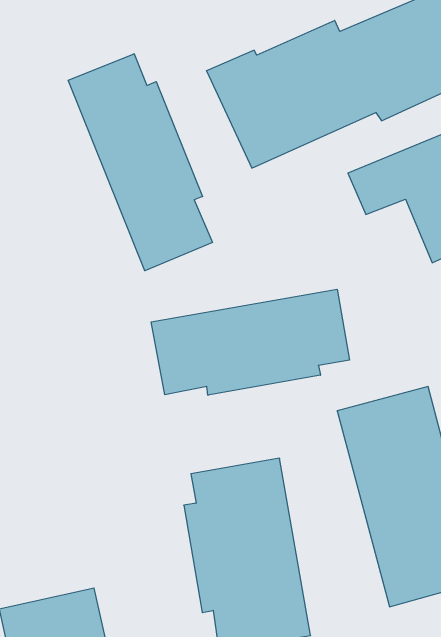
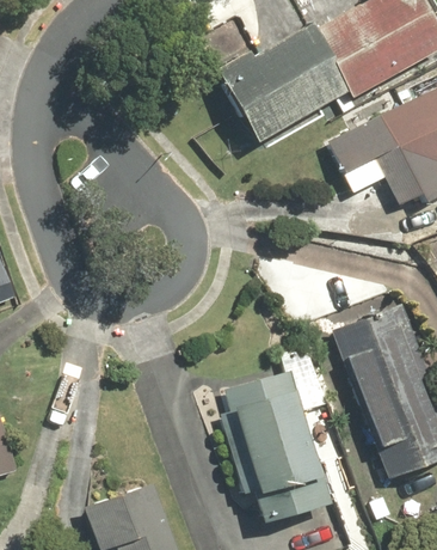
building: [68,54,213,271] -> none
building: [151,289,349,395] -> none

